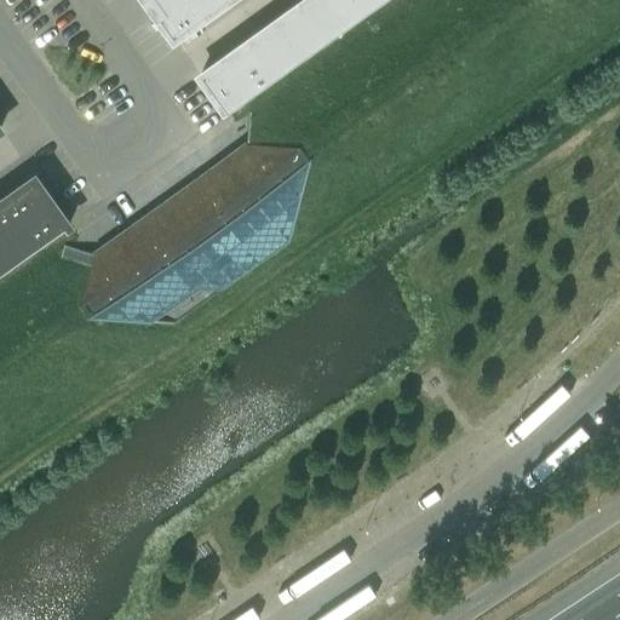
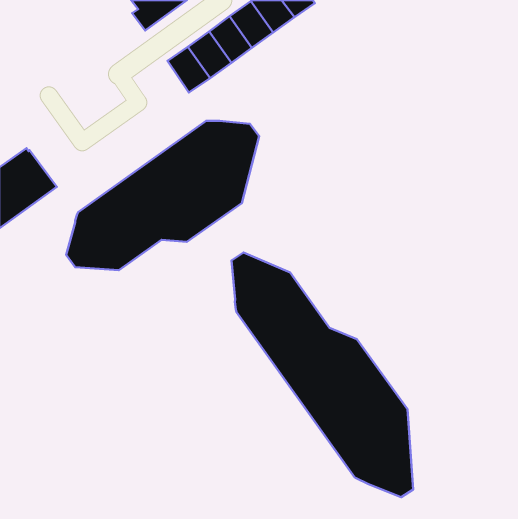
building: none -> [232,252,413,497]

